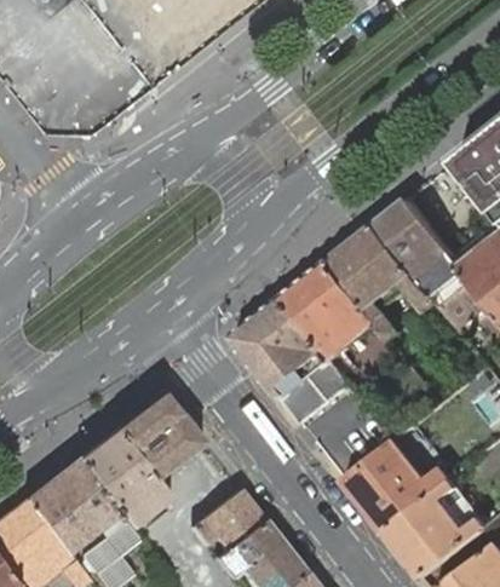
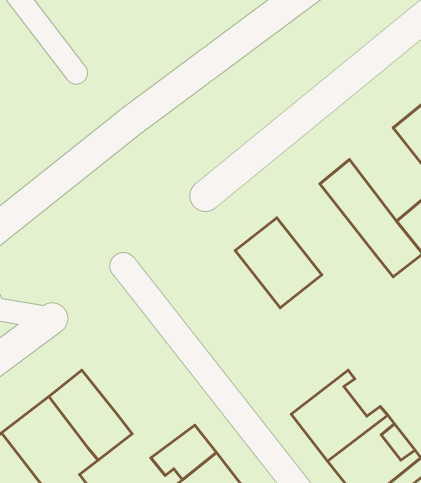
building: [331,224,439,339] -> none
building: [235,298,354,424] -> none
building: [115,392,202,479] -> none

